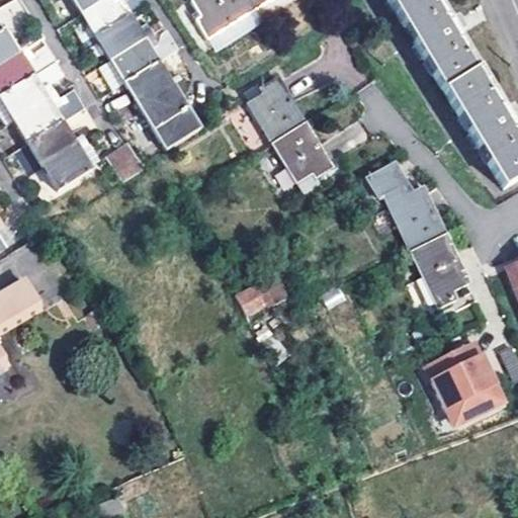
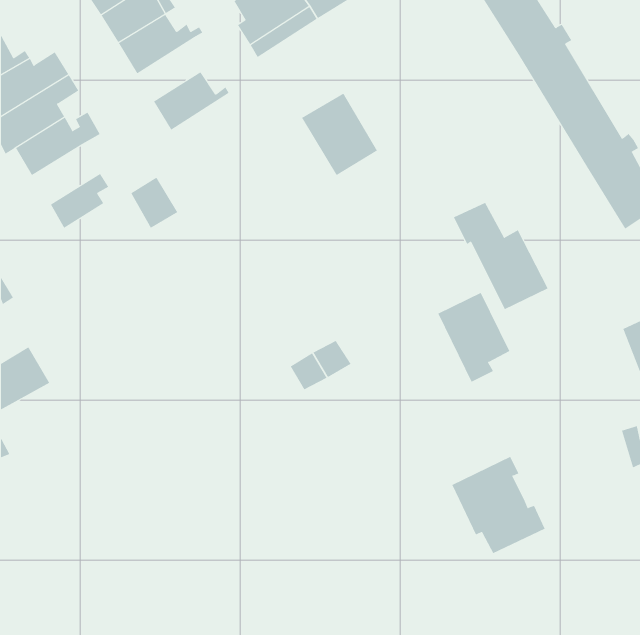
building: [99,30,179,88] -> none
building: [139,75,204,150] -> none
building: [26,116,82,165] -> none
building: [272,121,334,193] -> none
building: [408,233,466,306] -> [437,292,510,382]
building: [423,341,499,420] -> [452,456,546,554]

